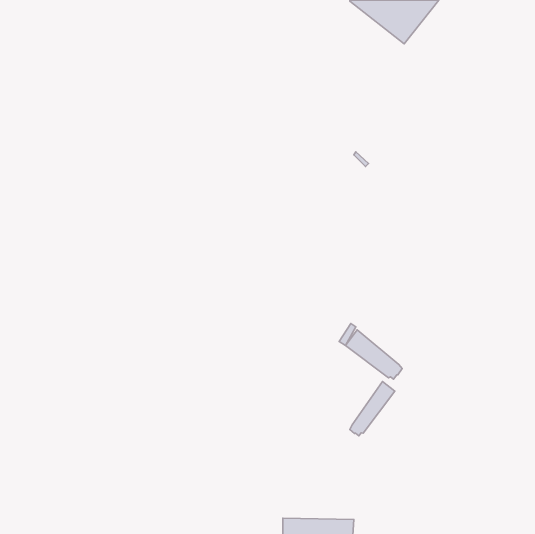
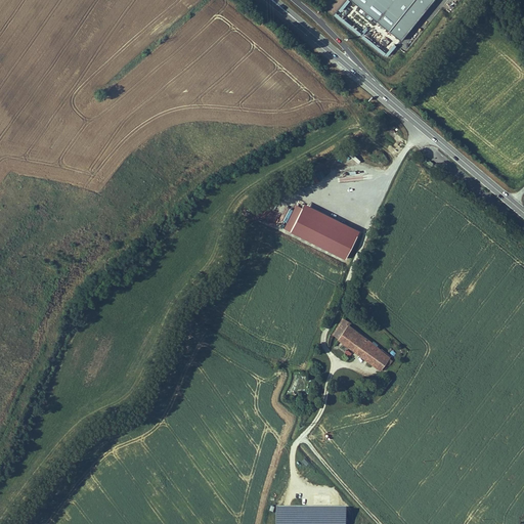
building: none -> [290,203,359,259]
building: [350,381,395,436] -> none

